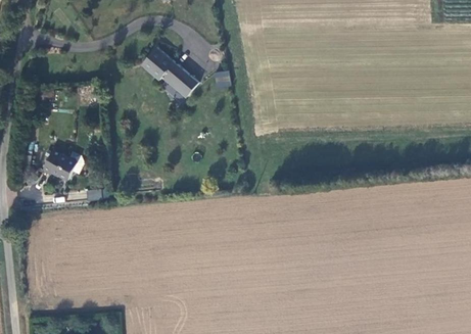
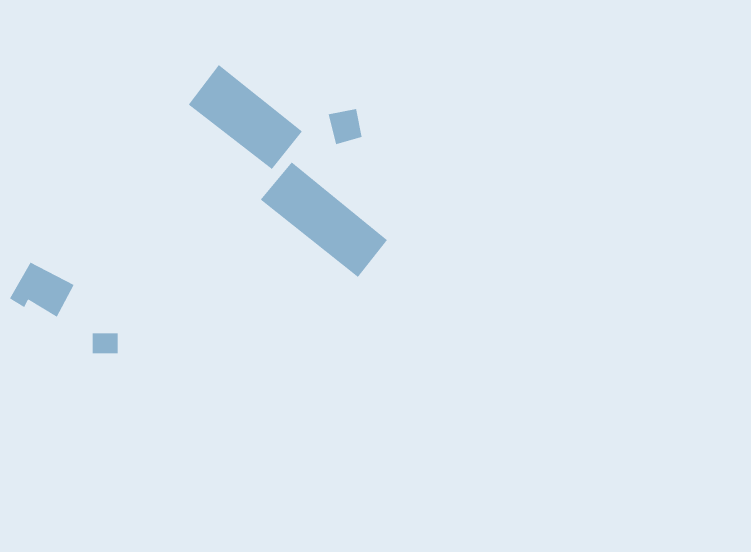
building: none -> [260,161,388,278]

